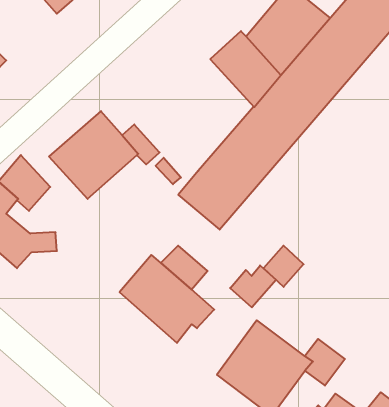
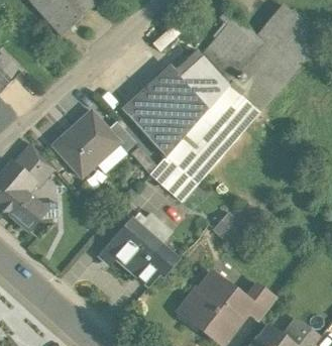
building: none -> [126,72,207,156]
building: [230,265,276,307] -> none

